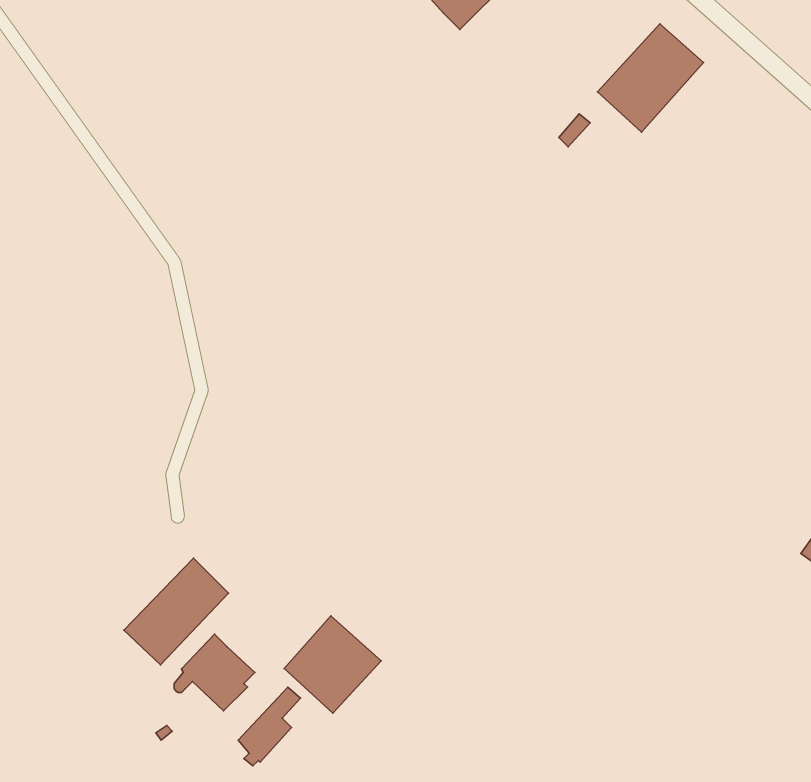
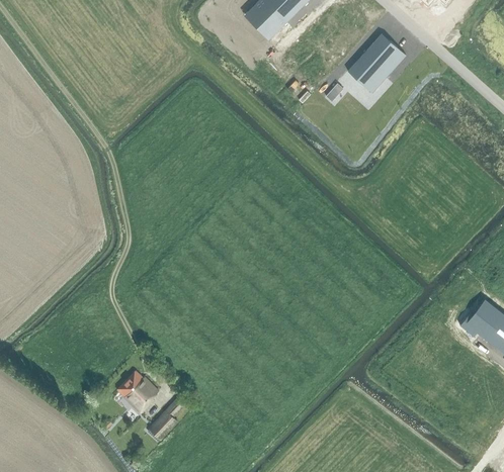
building: [124,558,229,665] -> none
building: [284,616,381,713] -> none

